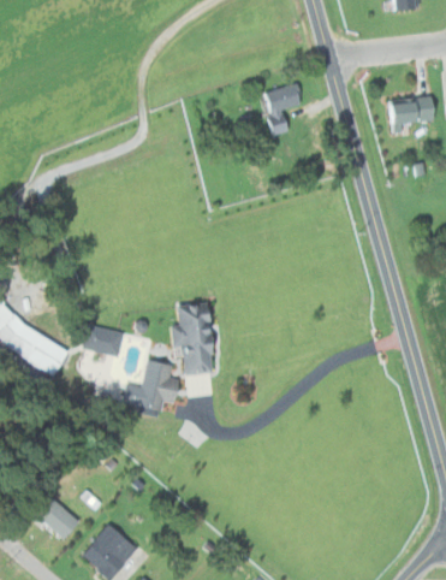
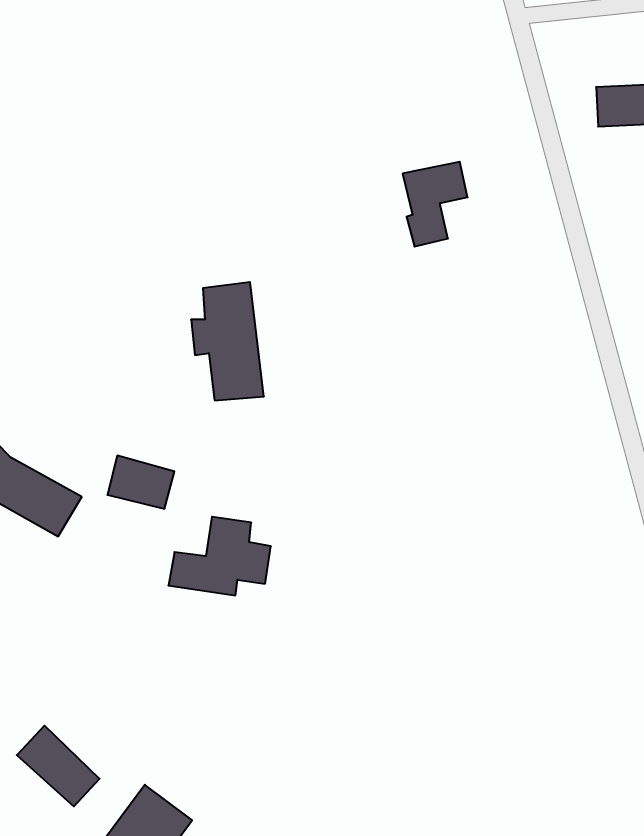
building: [263,83,303,135] -> [403,162,468,247]
building: [168,302,213,374] -> [191,282,264,400]

